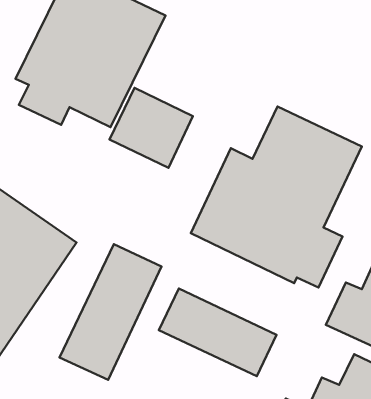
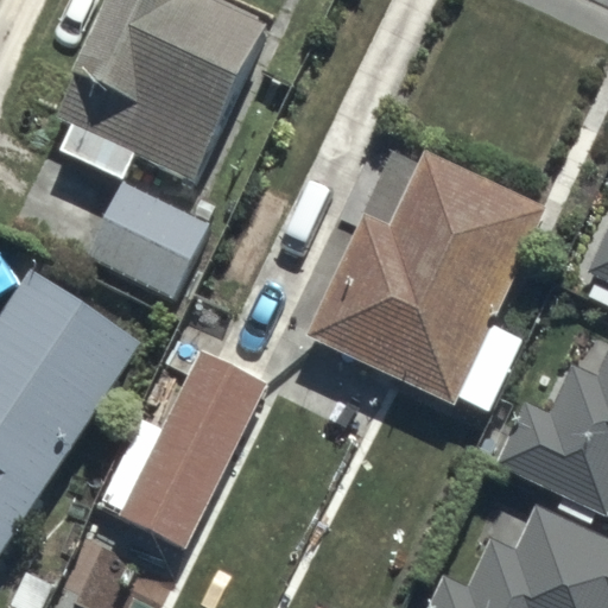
building: [109,88,193,168] -> [89,180,208,294]
building: [159,289,276,376] -> none

